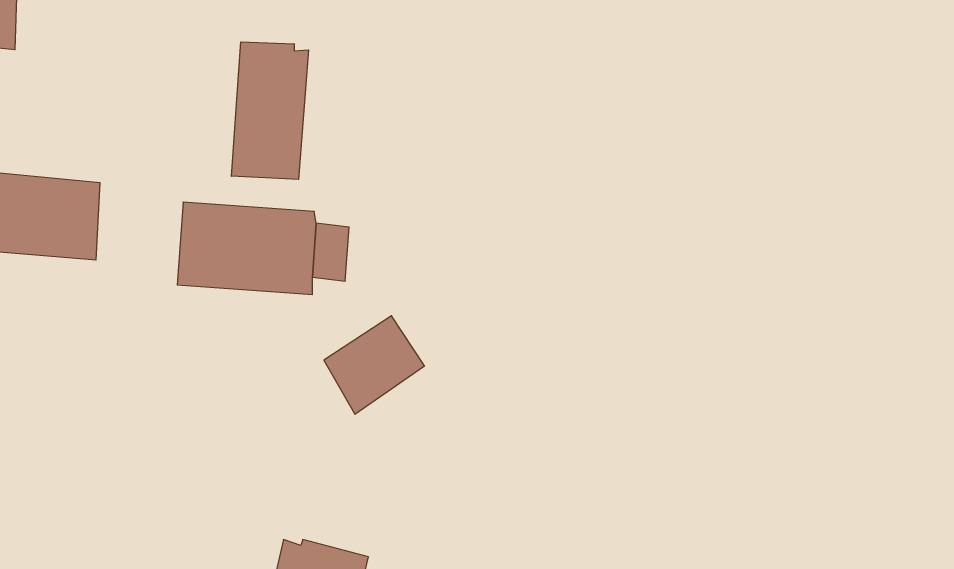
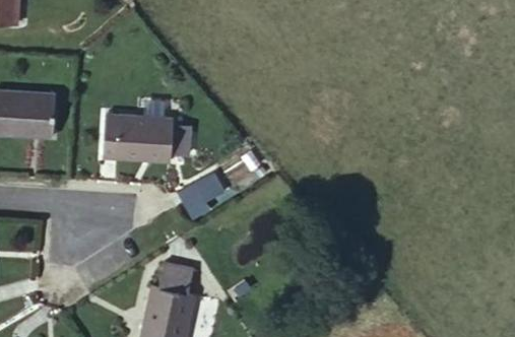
building: [231,42,308,179] -> none
building: none -> [164,265,203,295]

